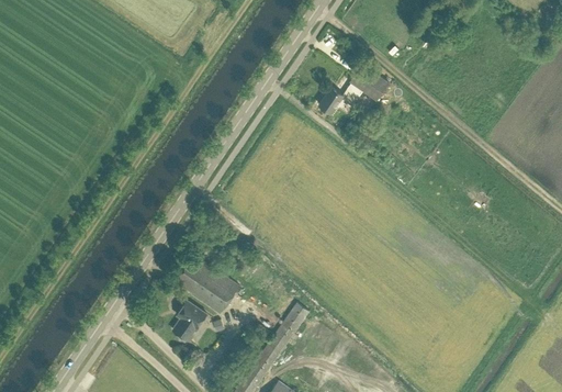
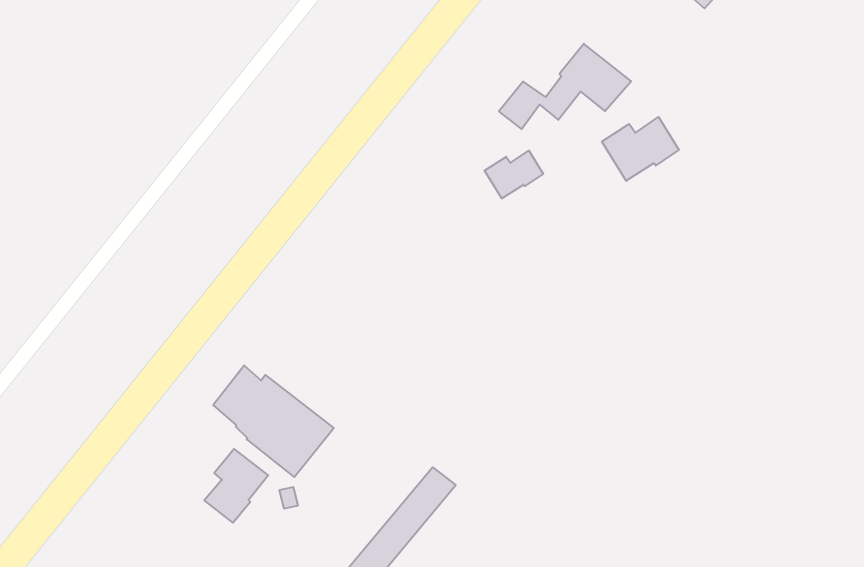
building: none -> [602,117,679,181]
building: none -> [485,151,543,199]

